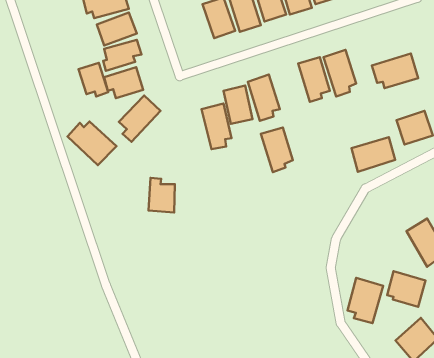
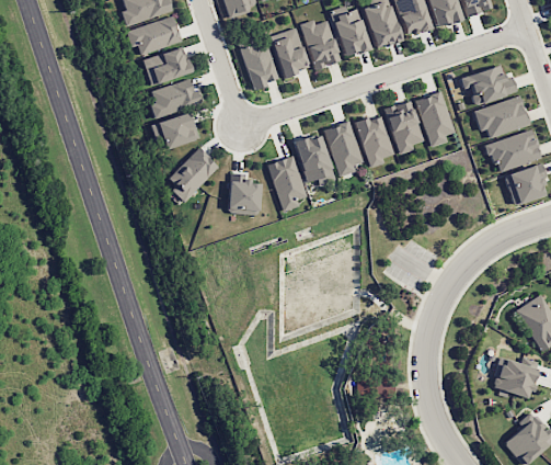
building: none -> [240,37,278,88]
building: none -> [459,64,512,104]
building: [78,63,108,96] -> none
building: [68,121,117,165] -> none
building: [261,127,293,172] -> [355,114,393,168]
building: [351,137,395,172] -> [487,129,540,171]
building: [149,178,175,212] -> [228,173,260,215]
building: [348,278,383,323] -> none

